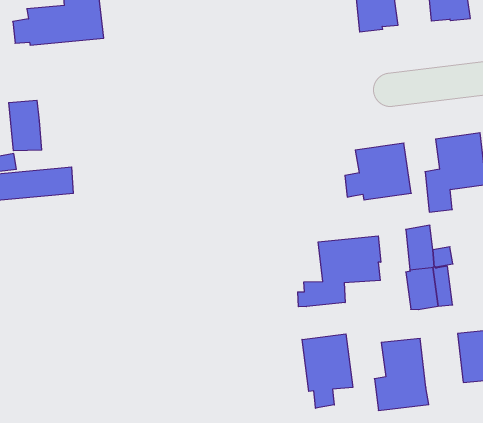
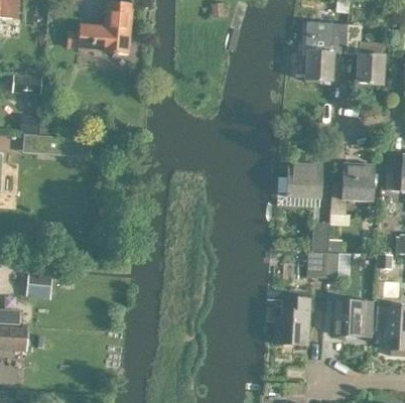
building: [9,100,42,151] -> none
building: [298,236,381,307] -> none
building: [302,334,353,408] -> none
building: none -> [25,271,51,299]

